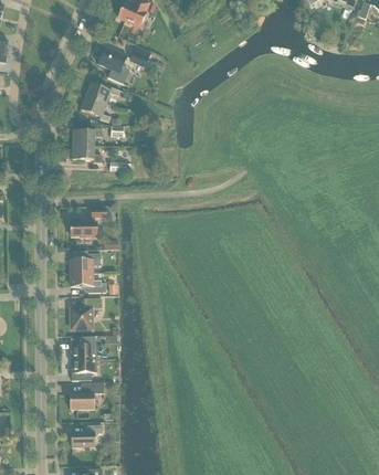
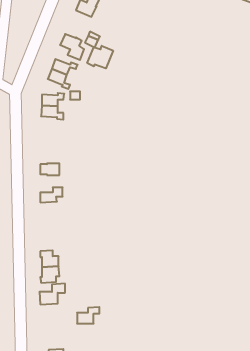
building: none -> [87,46,113,68]
building: [71,272,106,292] -> none
building: [71,298,102,328] -> none
building: [72,424,102,446] -> [77,307,99,324]

